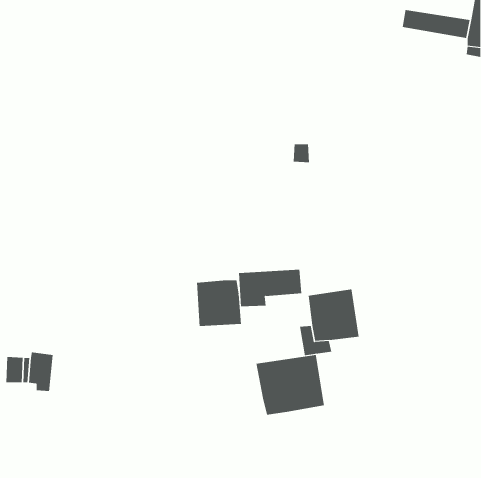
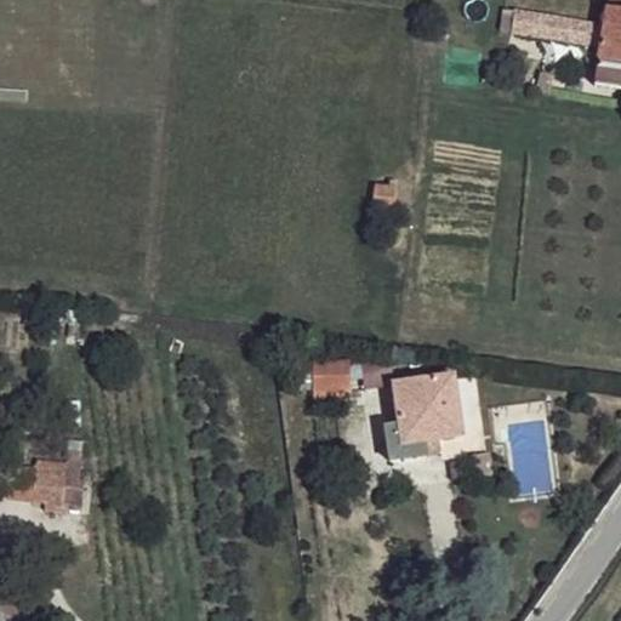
building: [196,279,241,327] -> none
building: [256,354,324,415] -> none

